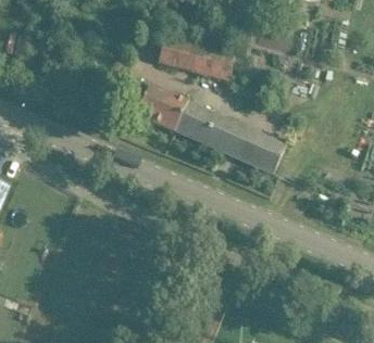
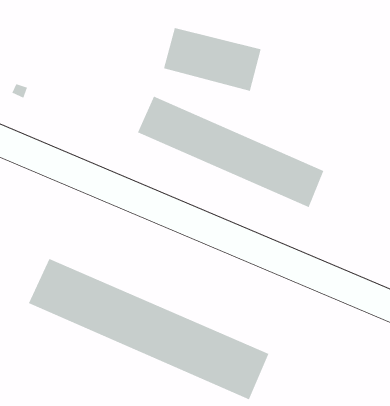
building: none -> [28,258,269,400]

